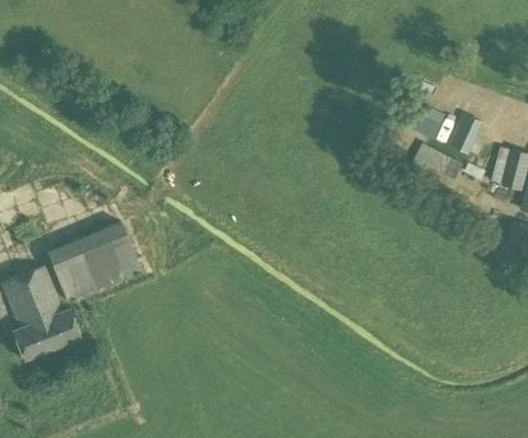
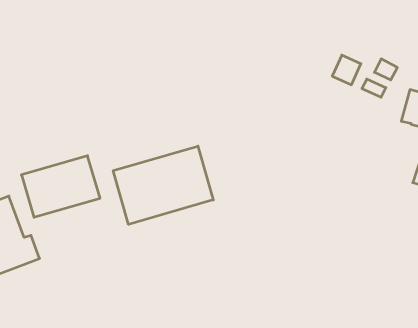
building: [413,145,462,182] -> none
building: none -> [113,146,213,224]

